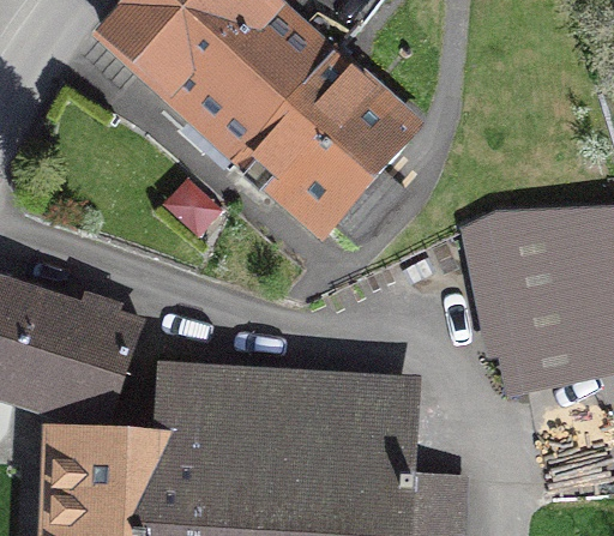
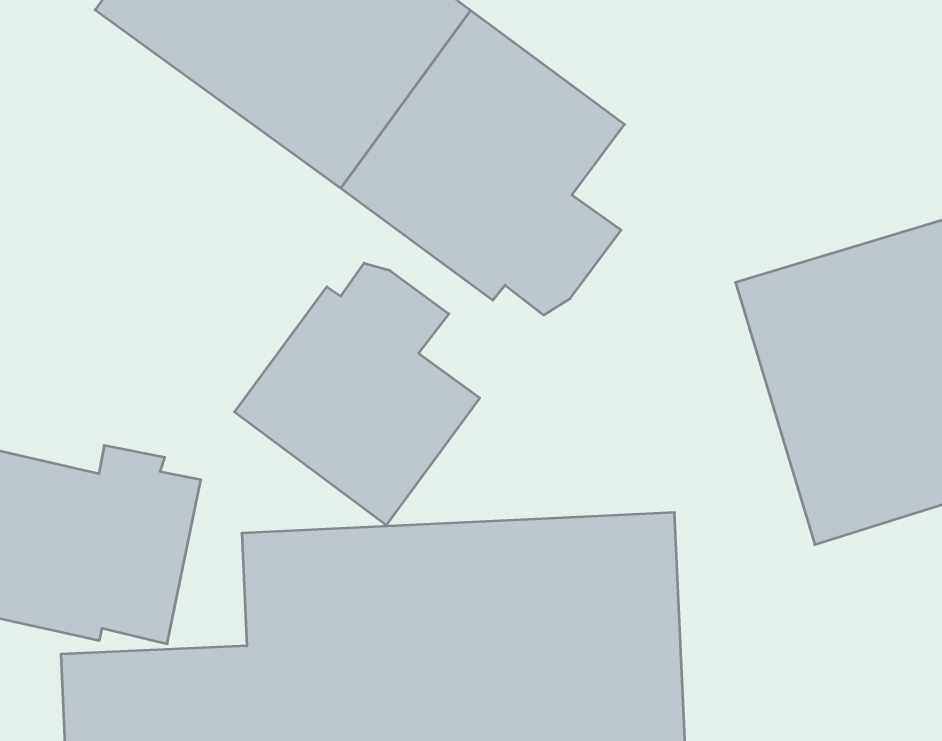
building: none -> [234,263,480,525]

